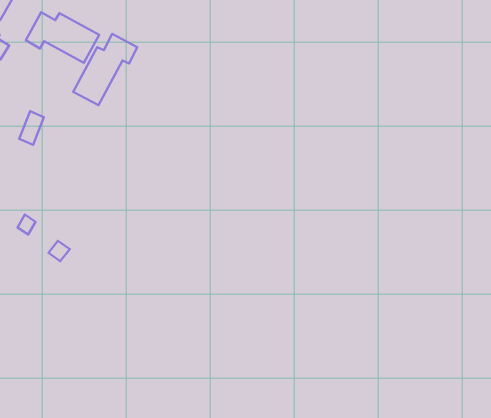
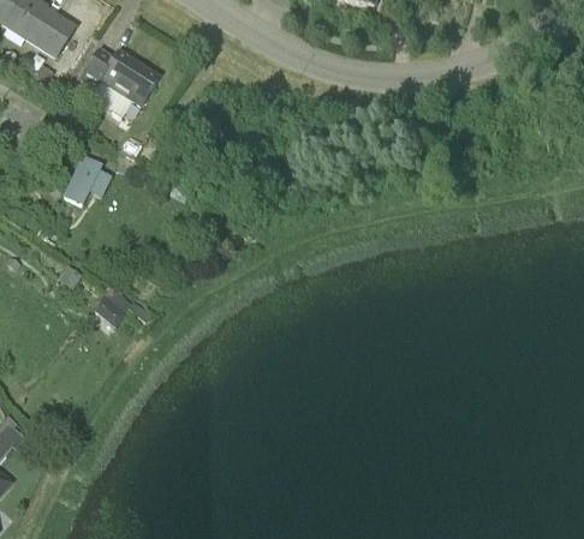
building: [73,34,137,105] -> none

